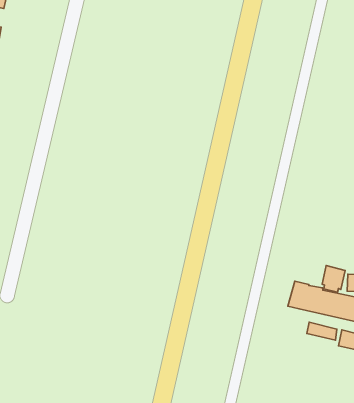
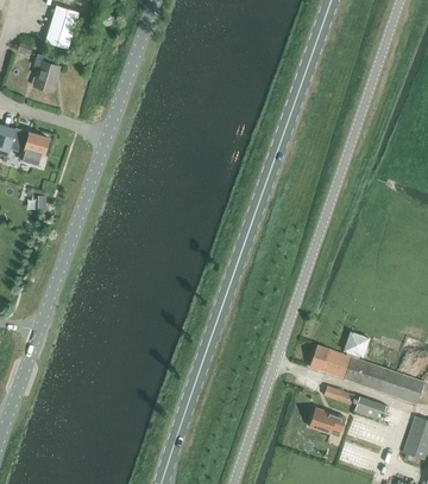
building: none -> [308,408,345,434]

